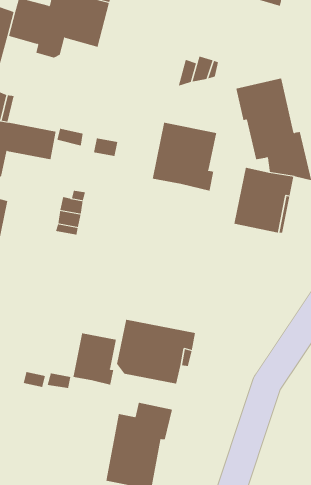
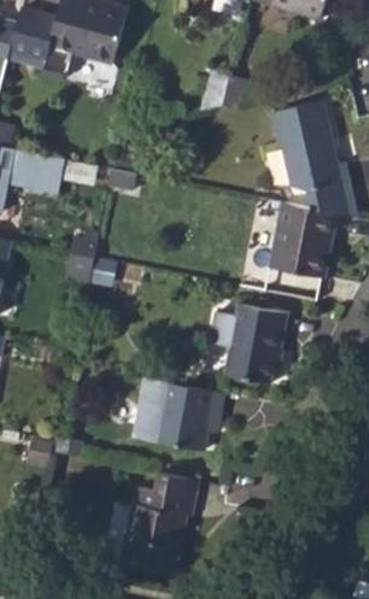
building: [152,122,217,191] -> none
building: none -> [224,304,288,384]
building: [73,332,117,385] -> none

